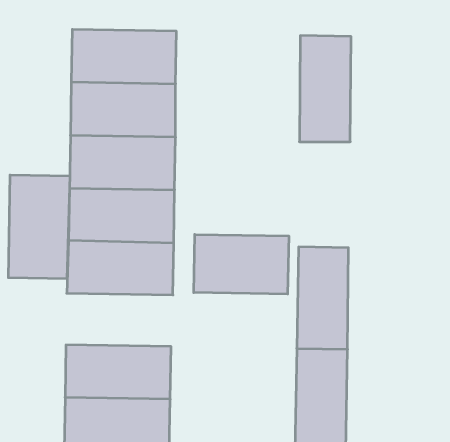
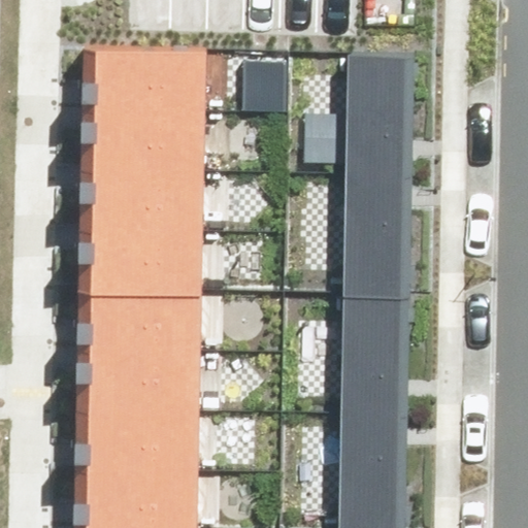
building: none -> [345,179,405,302]
building: [8,175,70,279] -> none
building: [194,234,289,294] -> none
building: none -> [76,355,200,417]

